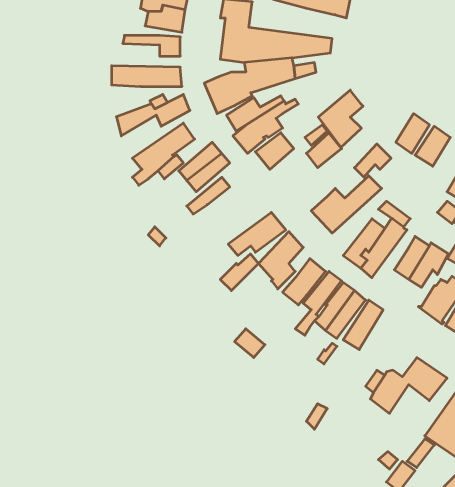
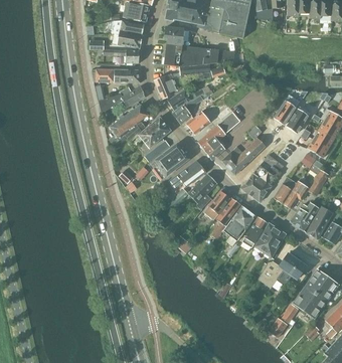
building: [318,90,363,147] -> [198,124,226,160]
building: none -> [155,143,189,176]
building: none -> [253,222,286,257]

